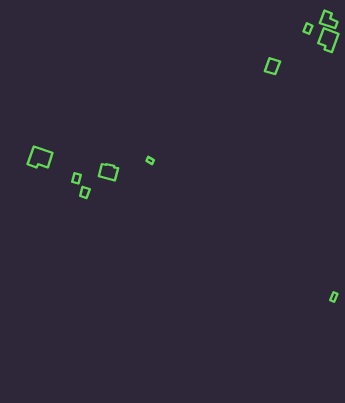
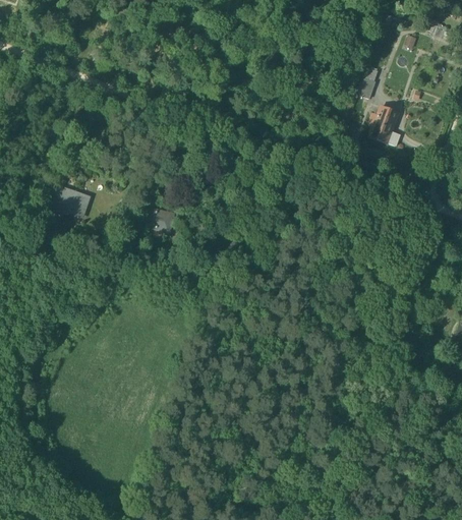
building: [318,28,338,52] -> none
building: none -> [371,107,394,139]

